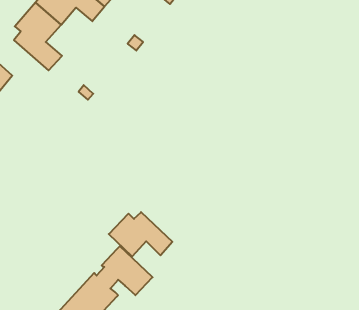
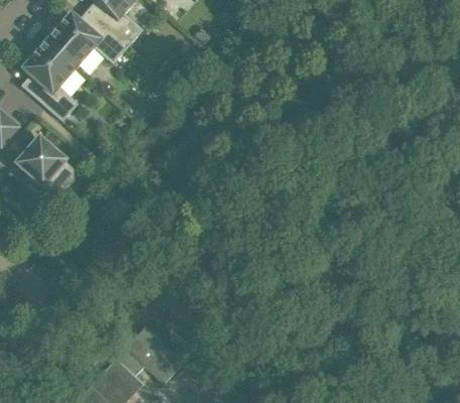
building: none -> [14,136,73,191]
building: [109,212,172,256] -> none

